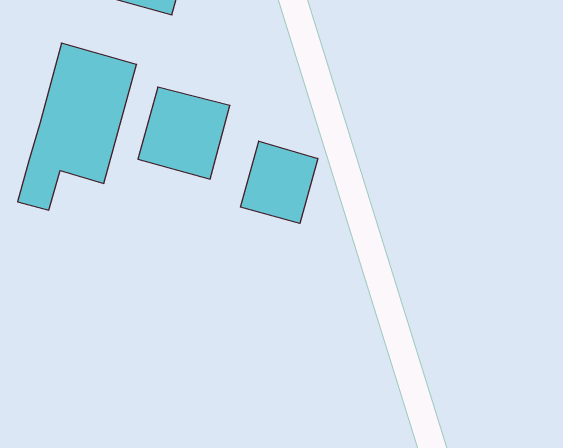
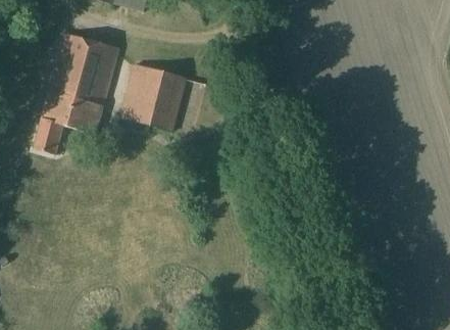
building: [240,141,318,223] -> none

